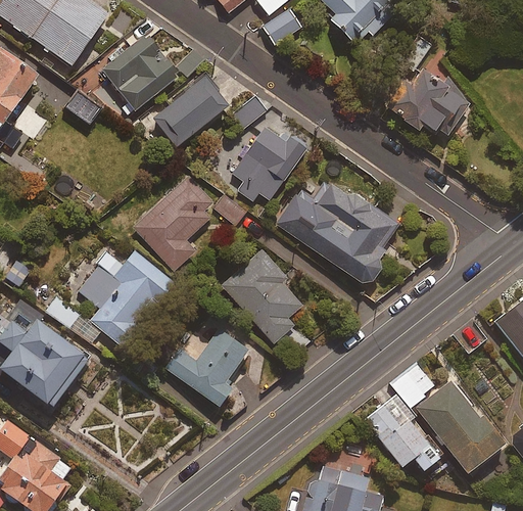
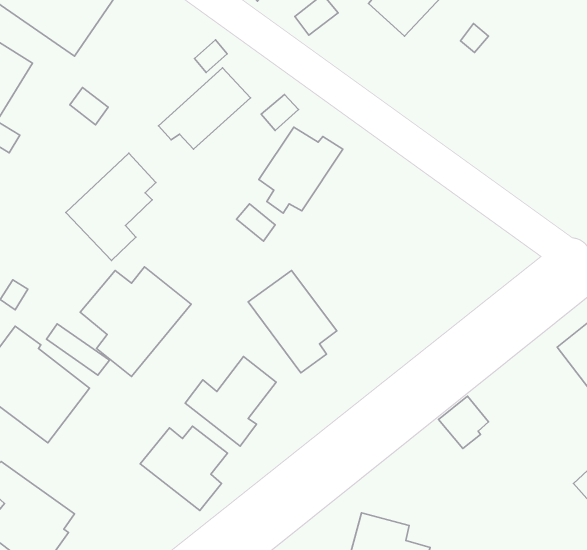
building: [102,34,181,117] -> none
building: [388,65,470,137] -> none
building: [134,176,212,270] -> [66,153,156,260]
building: [276,180,396,280] -> none
building: [416,380,502,471] -> none
building: none -> [140,426,227,510]
building: [365,398,438,469] -> none

